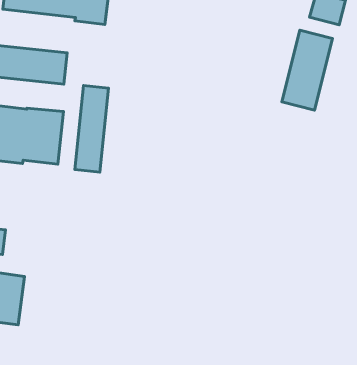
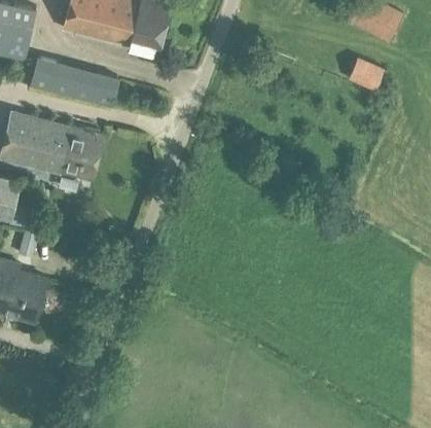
building: [282,30,333,110] -> none
building: [75,86,108,172] -> none

